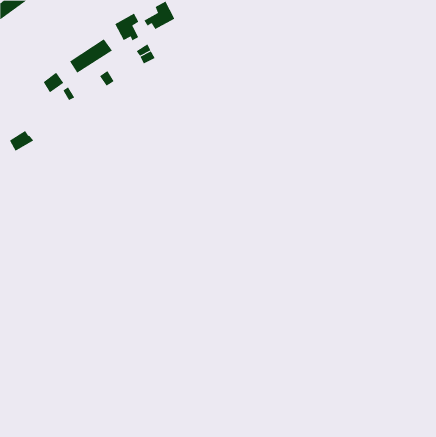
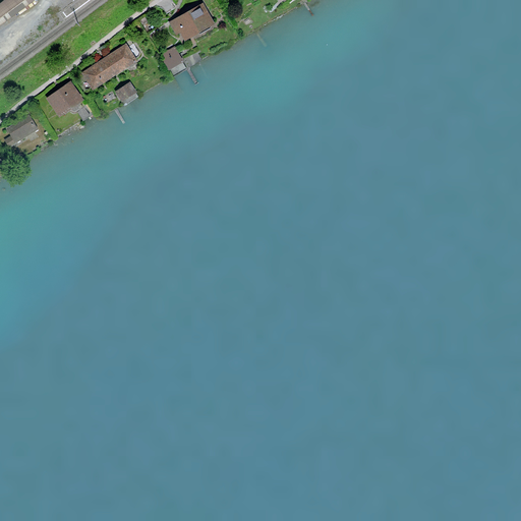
building: [114,13,139,41] -> none
building: [9,130,34,152] -> [7,116,37,141]

